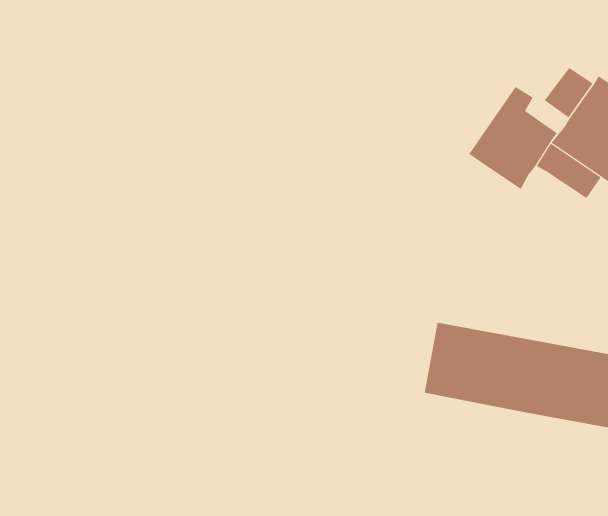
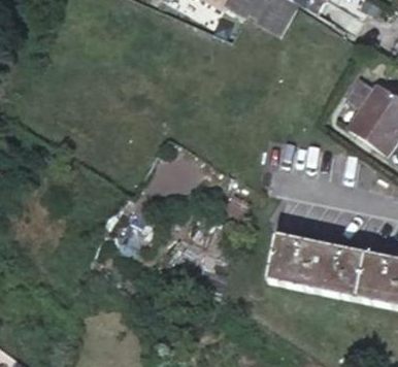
building: [469,86,558,190] -> none

